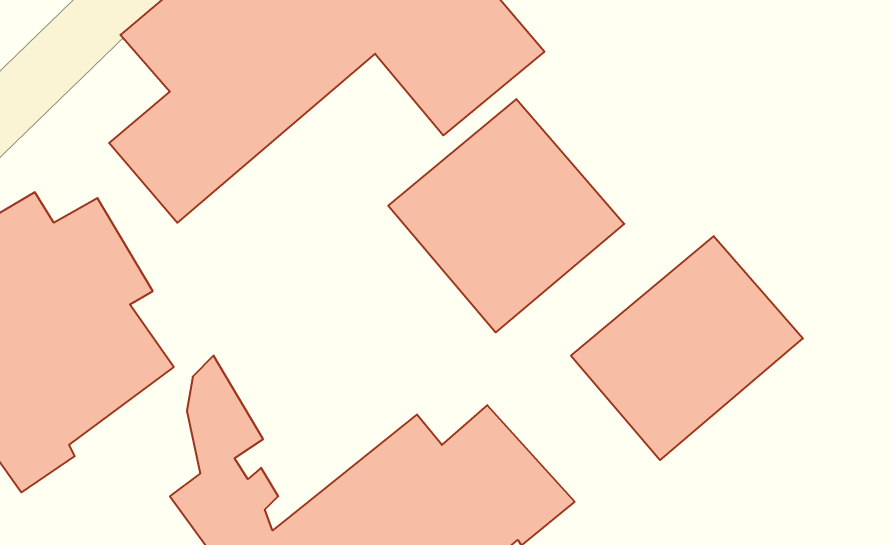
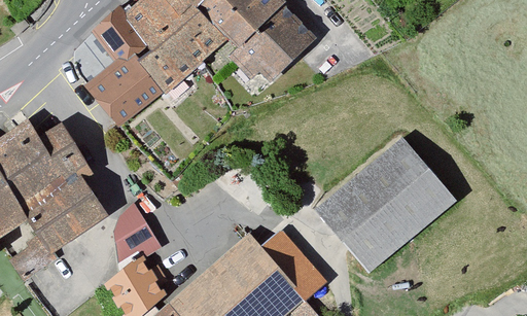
building: [388,99,624,332] -> none

